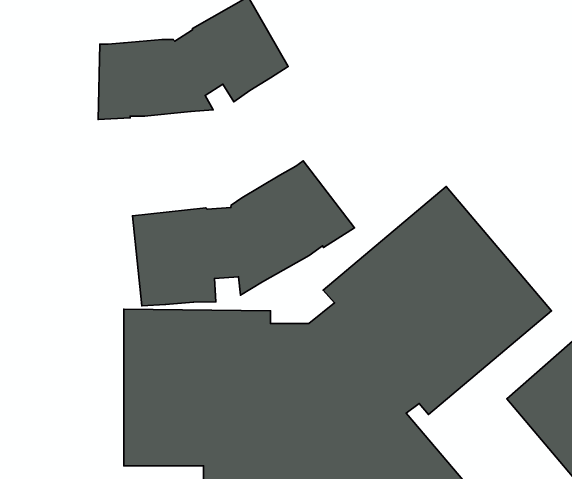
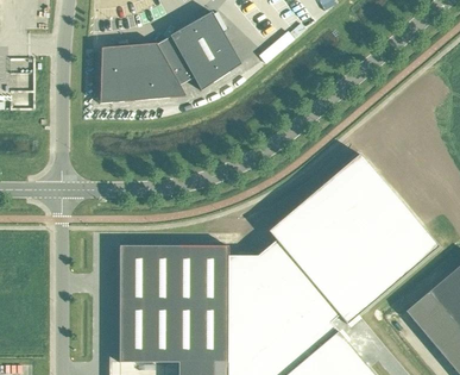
building: [132,161,355,306] -> none

